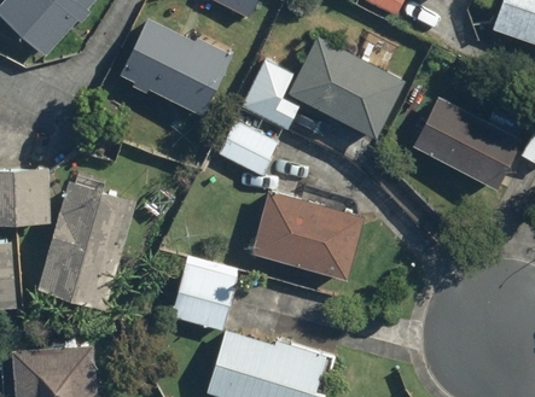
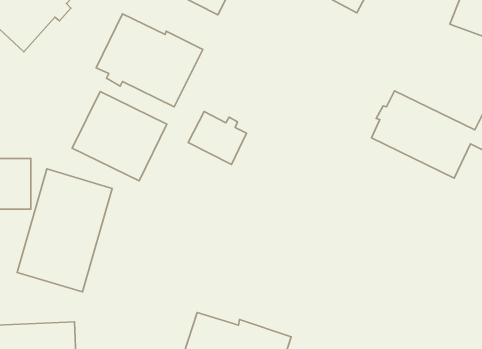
building: [234,37,403,139] -> none
building: none -> [72,91,167,181]
building: [250,189,365,279] -> none
building: [169,255,238,328] -> none

